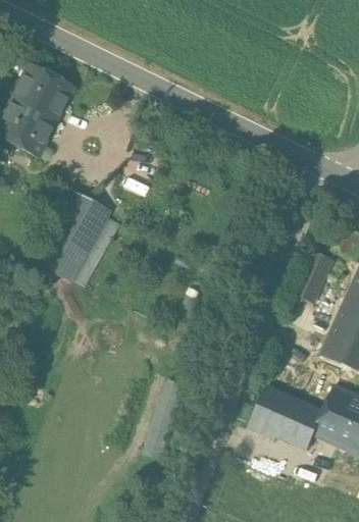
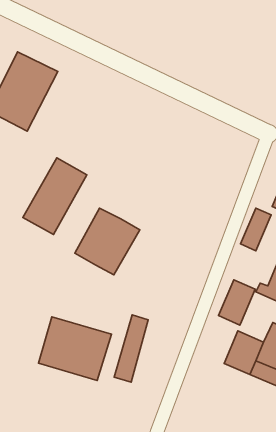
building: none -> [75,208,140,275]
building: none -> [39,317,111,380]
building: [248,384,292,438] -> [218,280,255,325]

